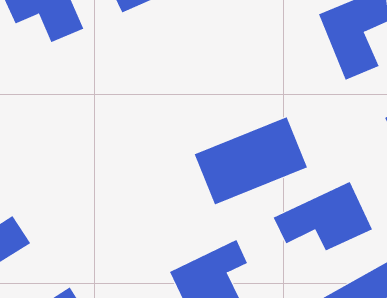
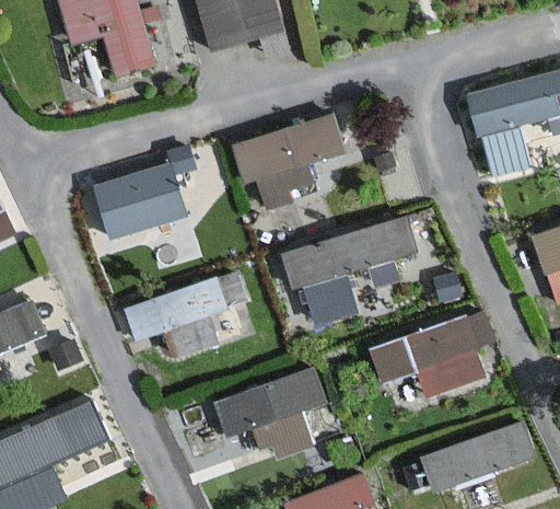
building: none -> [234,107,355,195]
building: none -> [88,158,186,236]
building: none -> [128,277,258,351]

